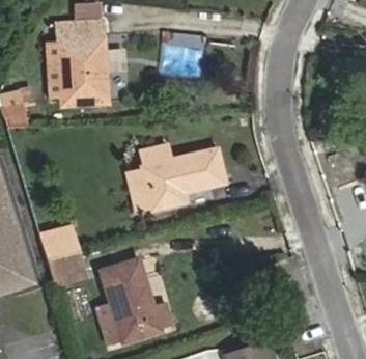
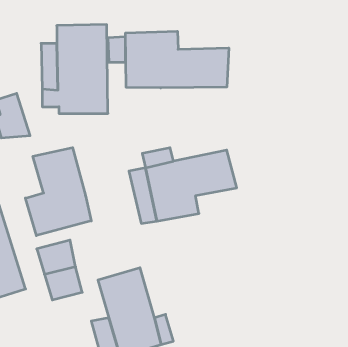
building: none -> [126,31,229,88]
building: none -> [25,148,91,236]

